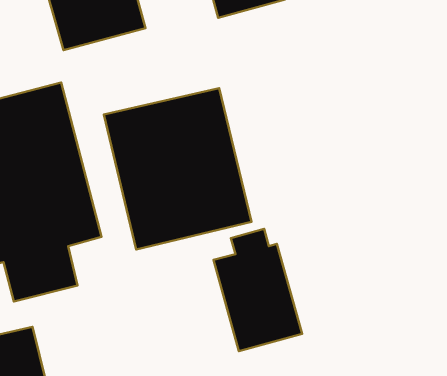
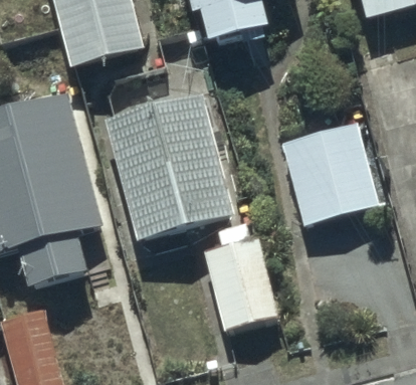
building: none -> [284,121,381,222]

